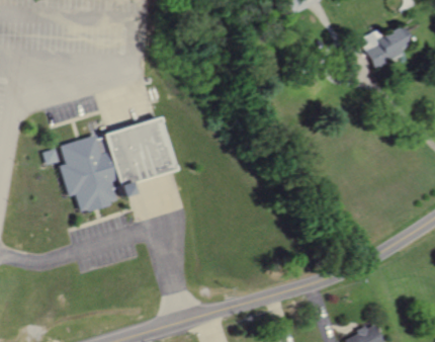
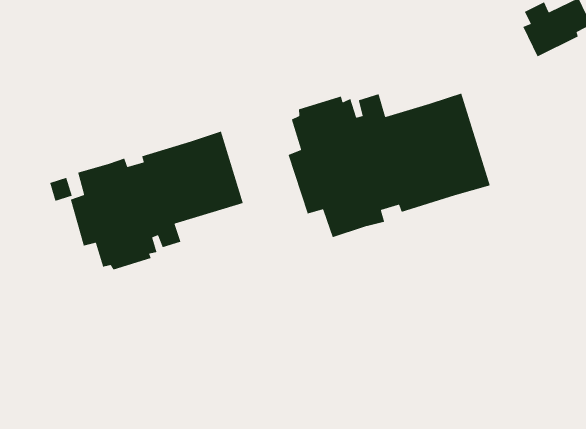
building: none -> [287,93,491,238]

